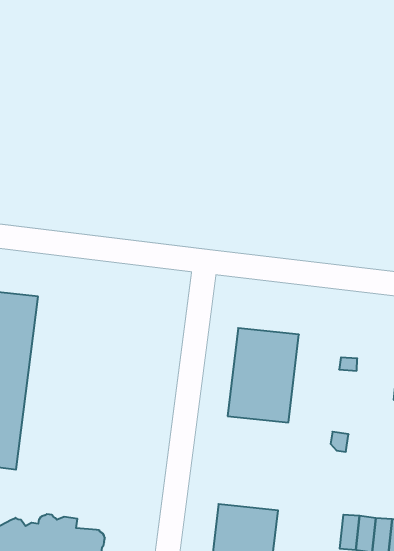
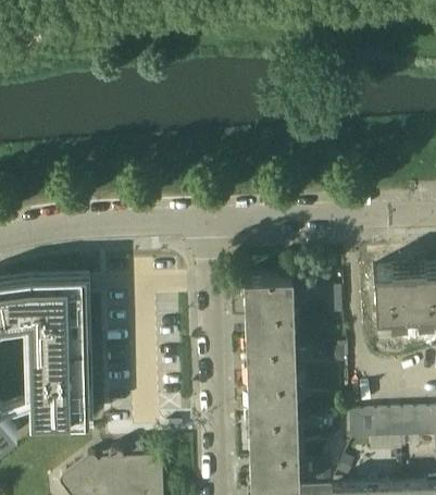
building: none -> [247,347,298,420]

